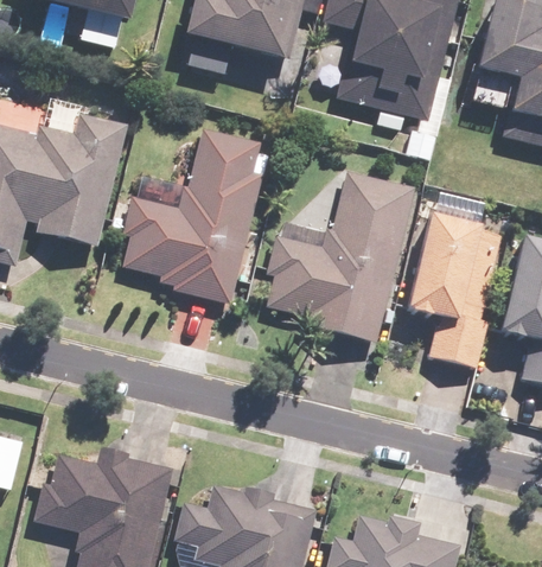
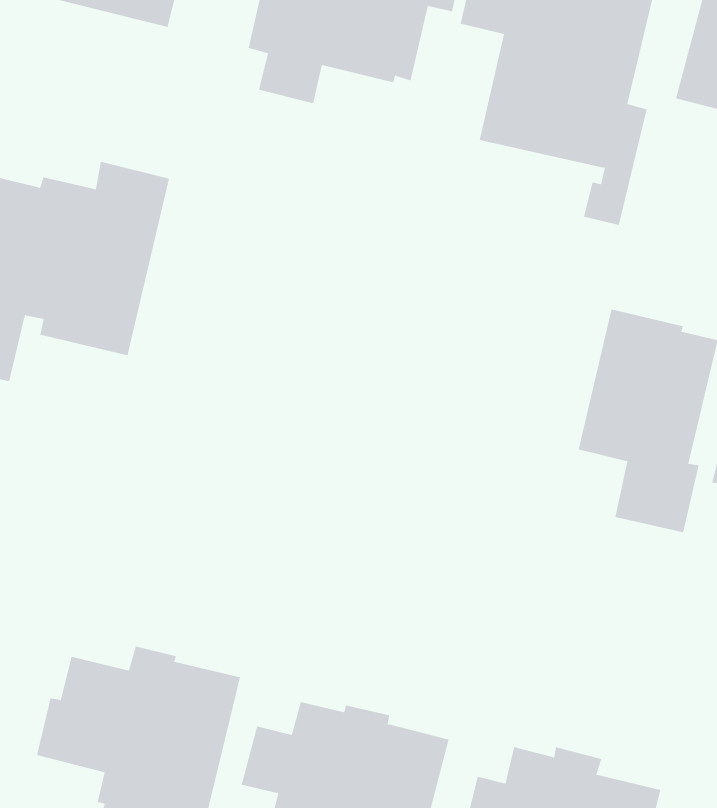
building: [123,130,261,304] -> none
building: [267,171,414,342] -> none

